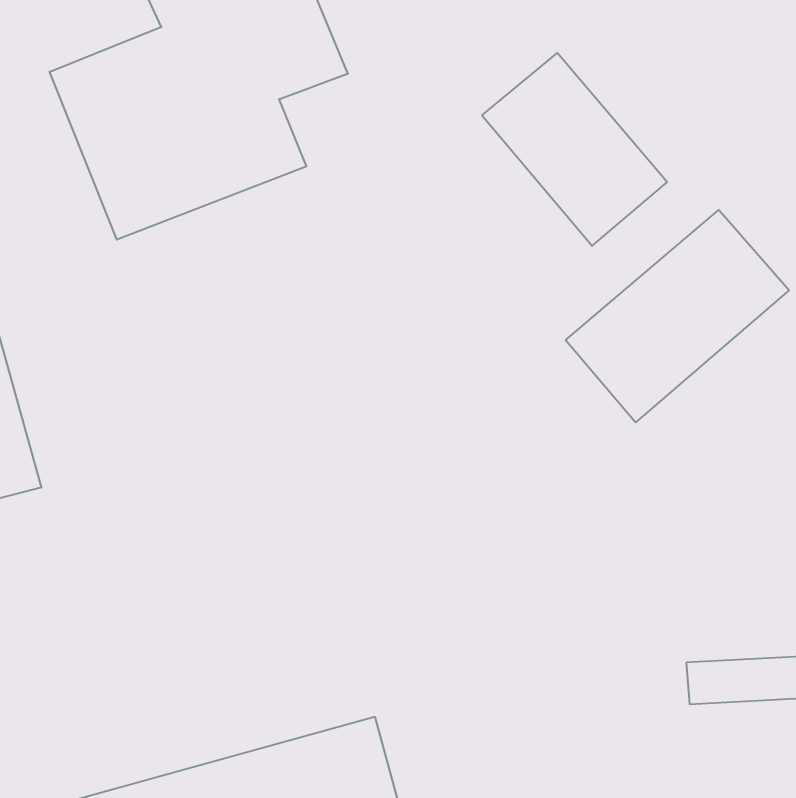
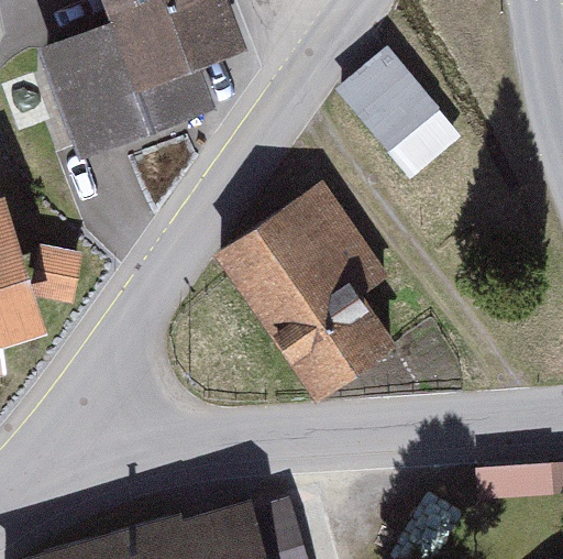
building: [566,210,789,422] -> none
building: none -> [217,187,402,409]

